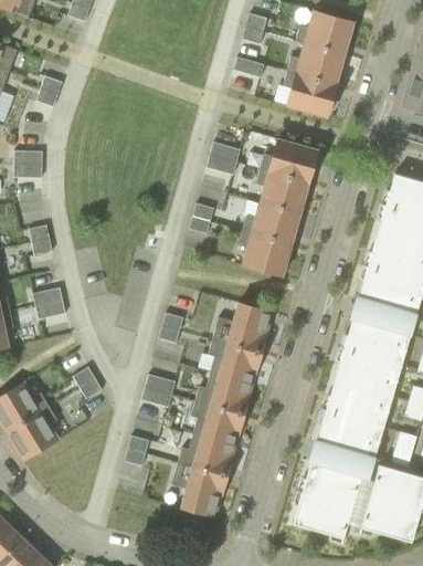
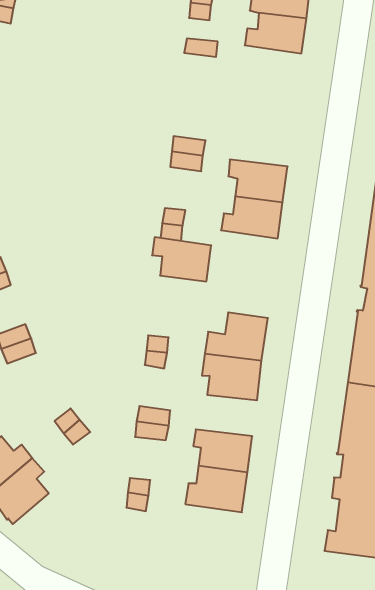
building: [283,71,336,116] -> none
building: [260,139,318,182] -> none
building: [239,230,292,275] -> [152,237,211,281]
building: [195,373,253,415] -> none
building: [172,465,225,516] -> none

